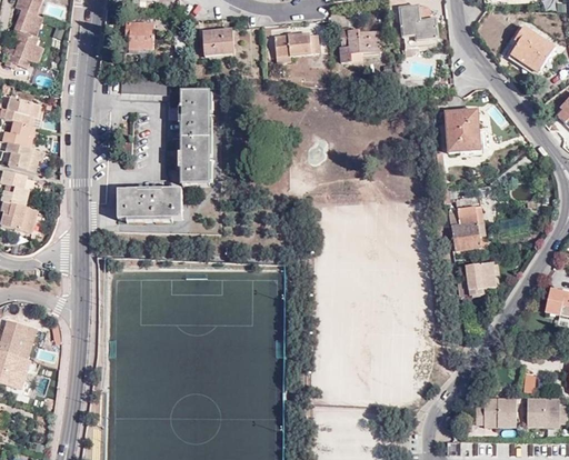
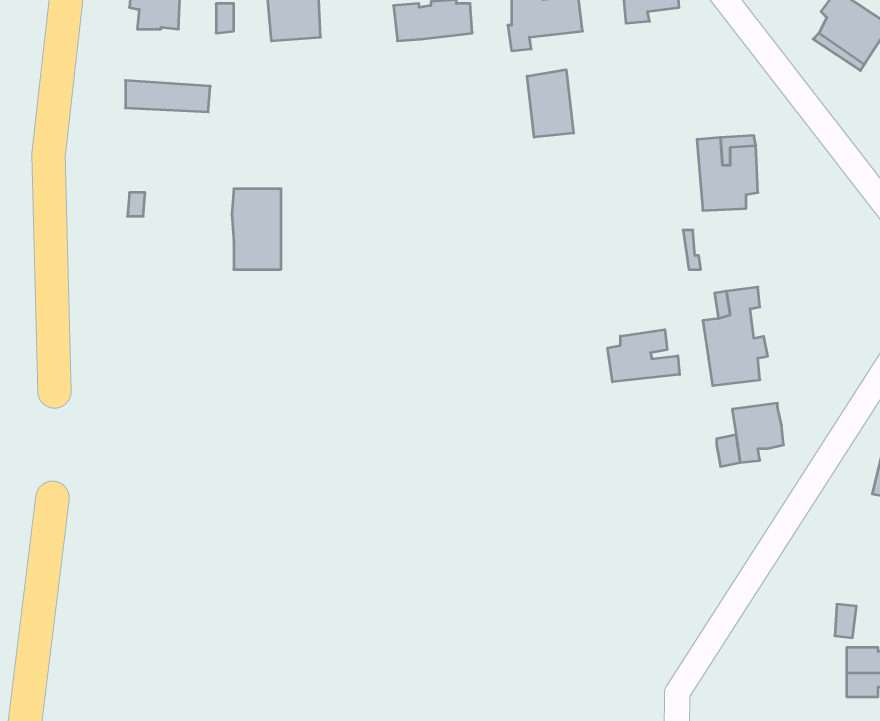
building: none -> [527,70,574,137]
building: [182,92,210,139] -> none
building: [118,190,182,222] -> none
building: none -> [608,330,680,382]
building: [477,398,518,426] -> none

